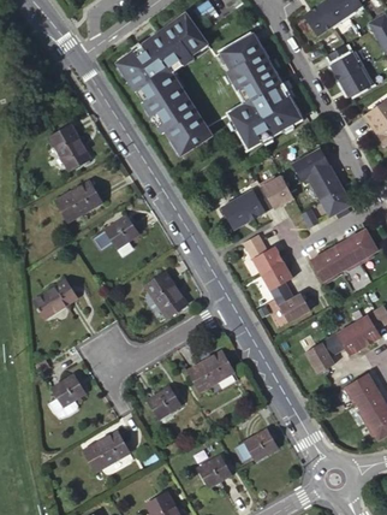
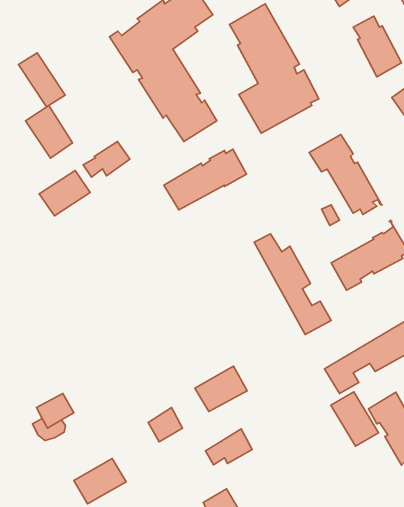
building: none -> [18,53,65,107]
building: [220,177,292,230] -> [164,149,246,210]
building: [96,212,137,243] -> [83,141,130,177]
building: [149,271,190,314] -> none
building: [37,279,81,318] -> none
building: none -> [331,392,378,446]
building: [237,428,278,460] -> [205,429,252,465]

